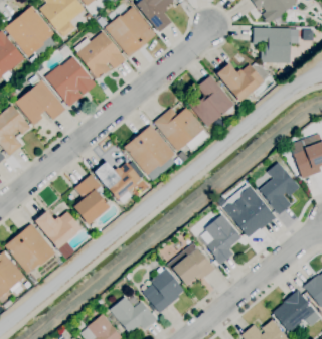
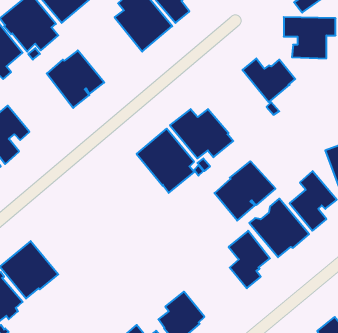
building: [75,31,127,79] -> none
building: [16,75,66,125] -> none
building: [189,75,235,127] -> none
building: none -> [214,161,275,221]
building: [95,161,142,203] -> none
building: [73,174,110,224] -> none
building: [35,211,83,248] -> none
building: [167,242,215,285] -> none

